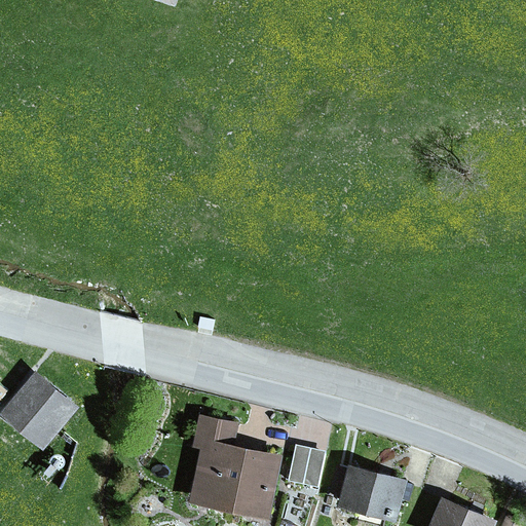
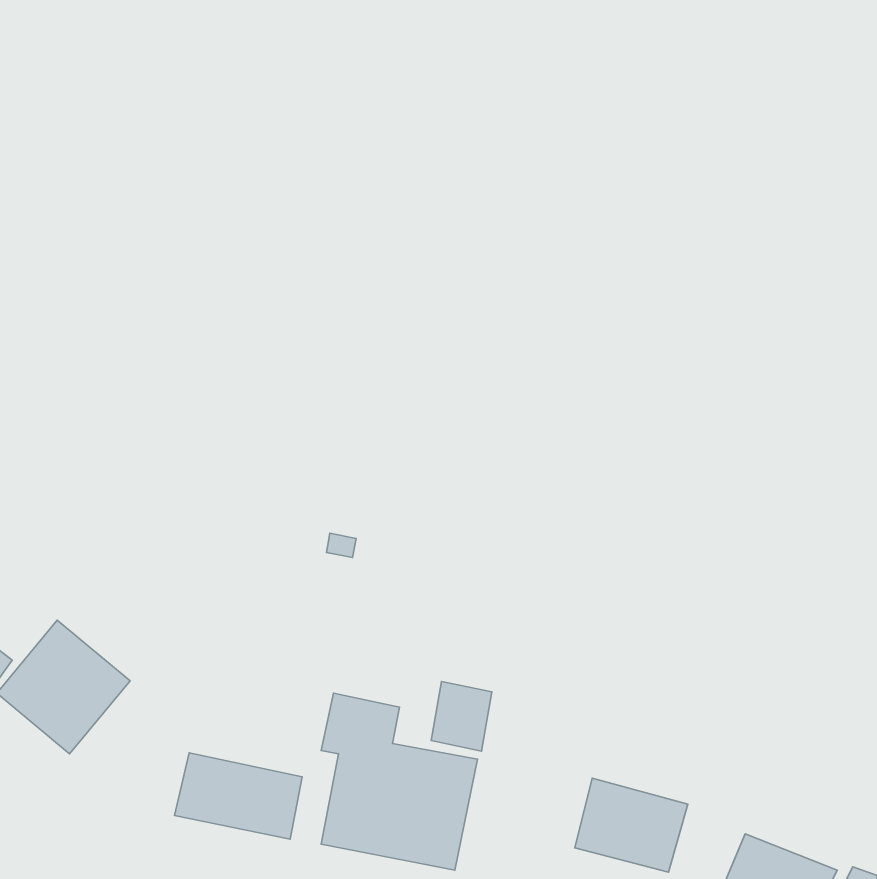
building: [287,447,323,488] -> [431,682,492,751]
building: none -> [174,753,302,839]

